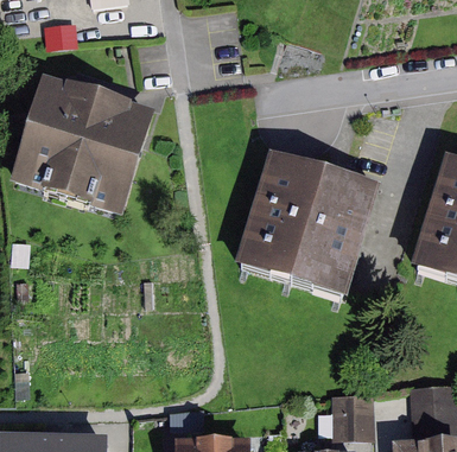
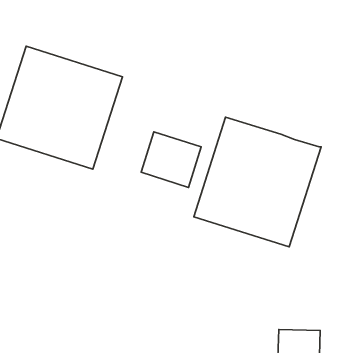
building: none -> [141,132,201,187]

